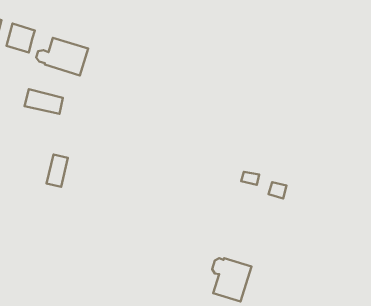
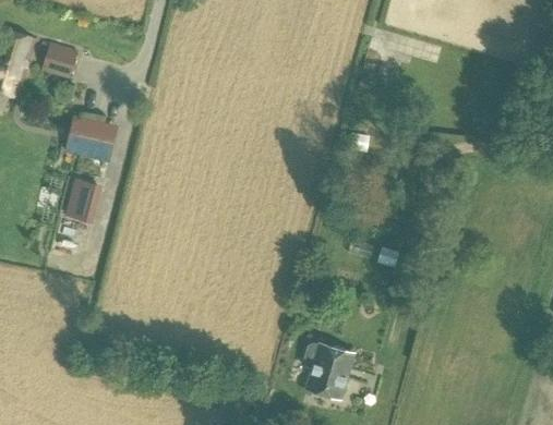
building: [36,38,88,75] -> none
building: [47,154,68,187] -> [65,177,93,218]

